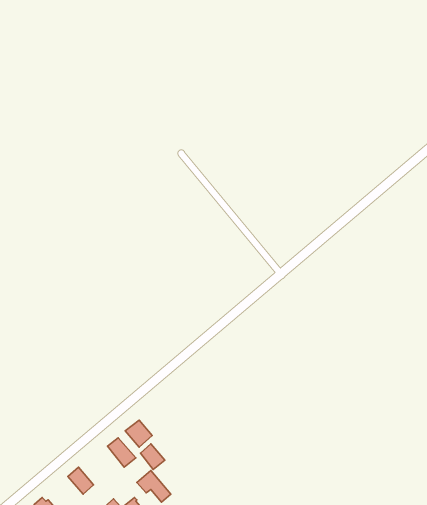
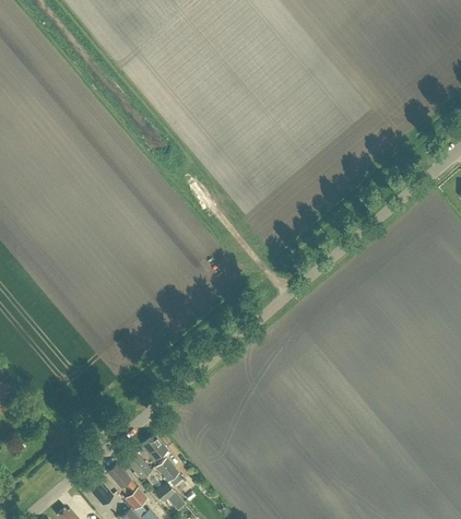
building: none -> [107,464,146,510]

